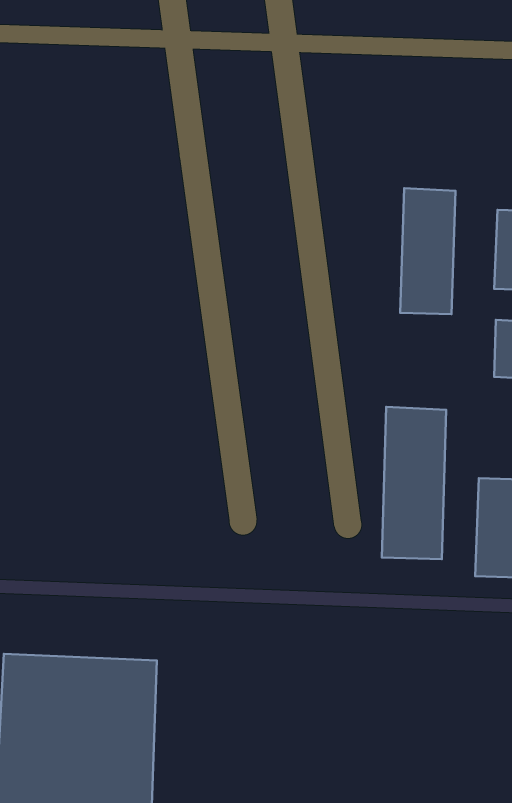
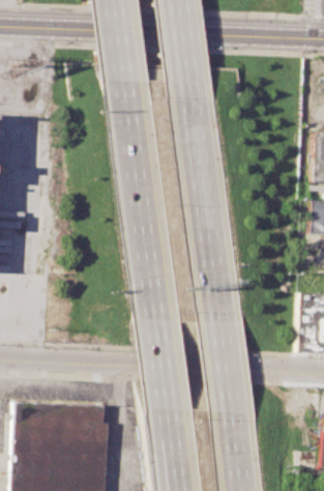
building: [400,188,455,314] -> none
building: [382,407,446,559] -> none

